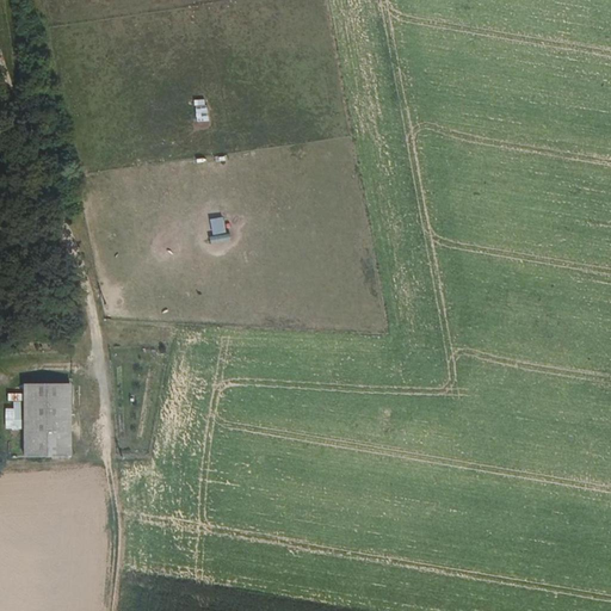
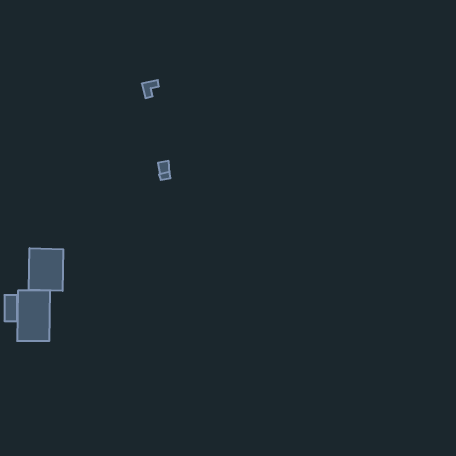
building: none -> [29,248,63,291]

